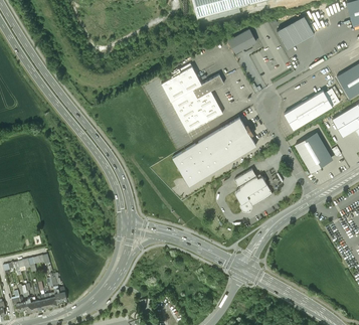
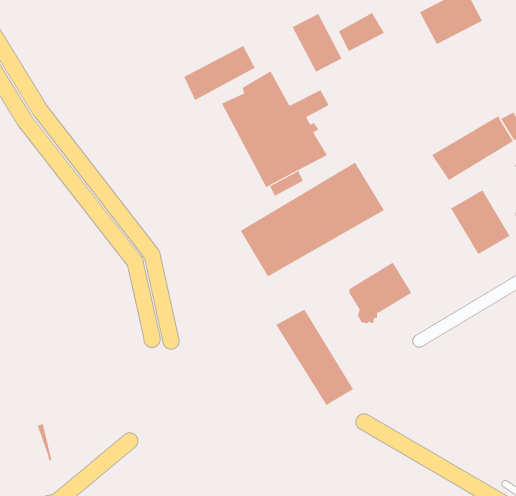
building: none -> [292,13,342,72]
building: none -> [183,45,256,101]
building: none -> [276,309,354,406]

